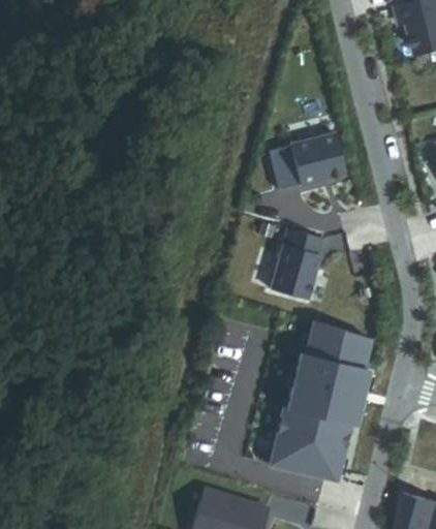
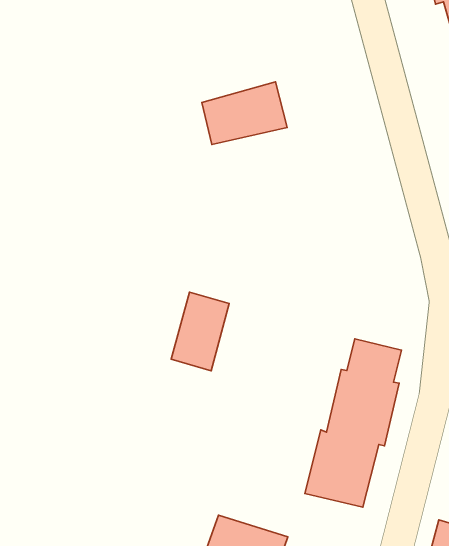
building: [268,133,345,190] -> [202,82,287,144]
building: [270,228,322,300] -> [171,292,229,371]

